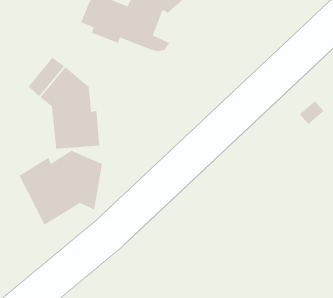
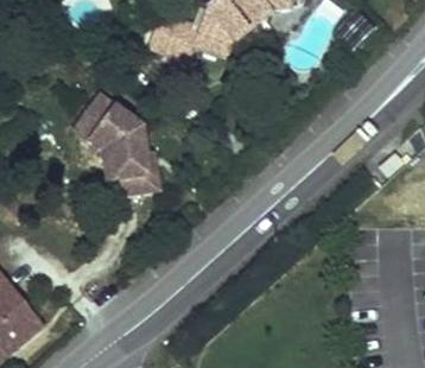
building: [19,150,103,226] -> none

